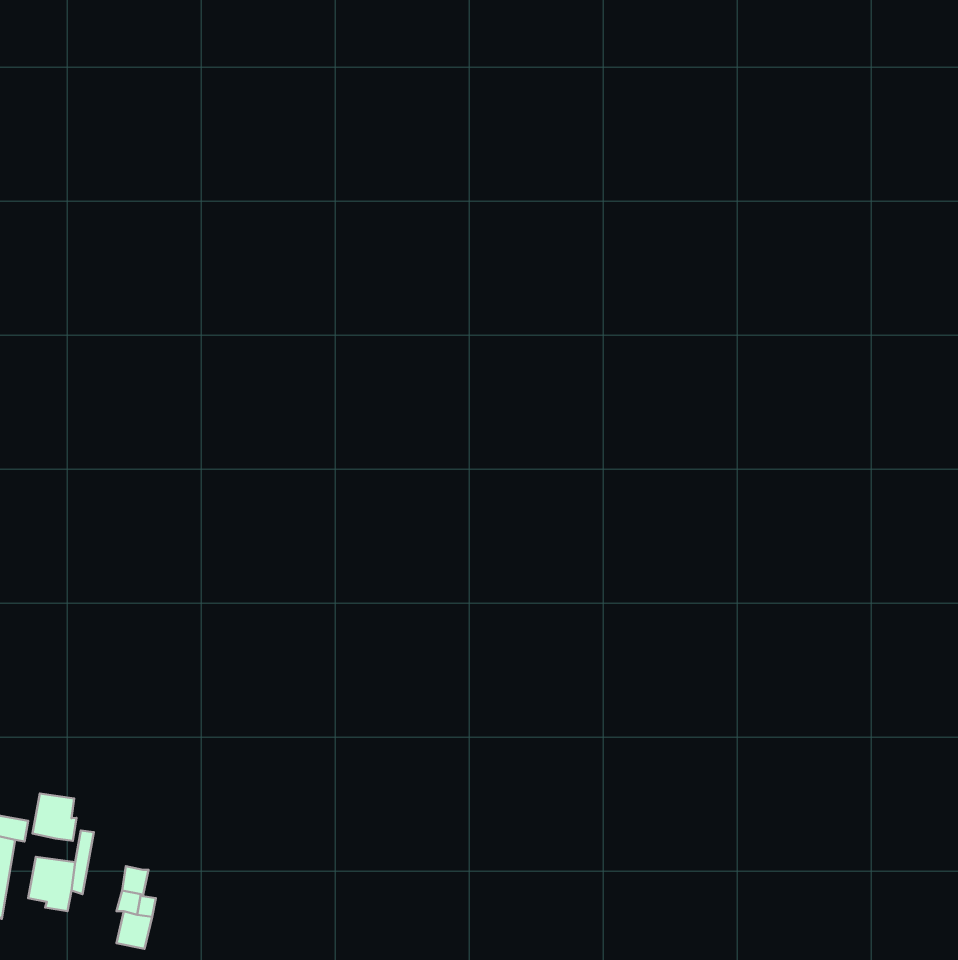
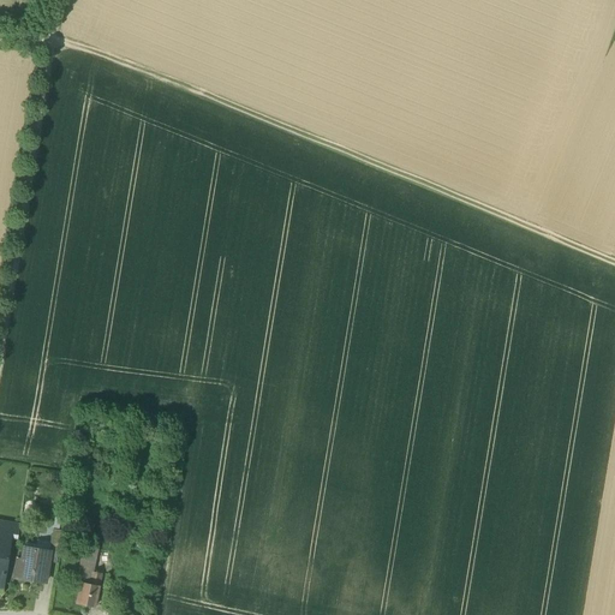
building: [32,794,77,841] -> none

